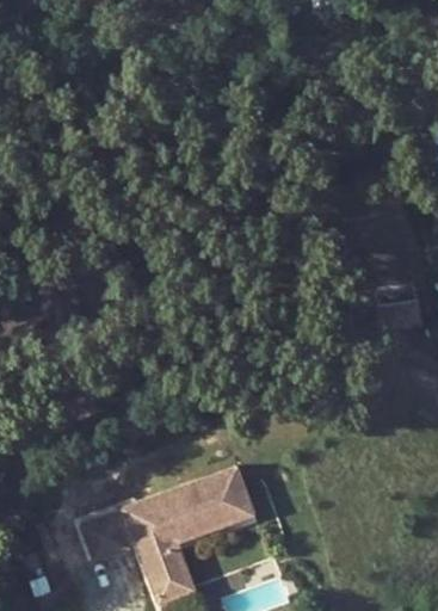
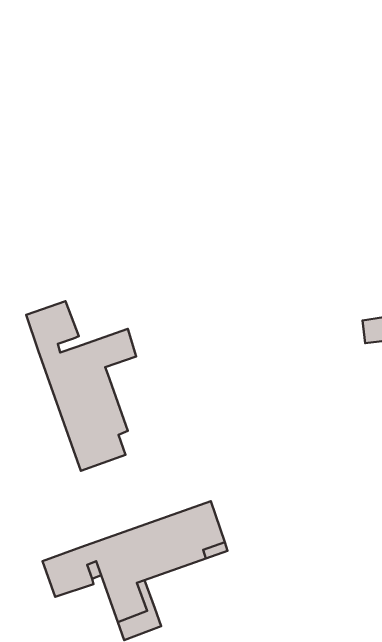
building: none -> [26,301,136,471]

